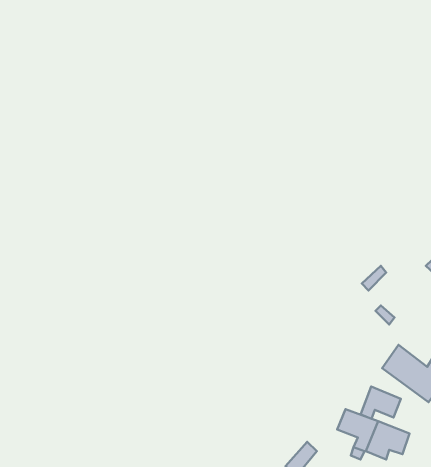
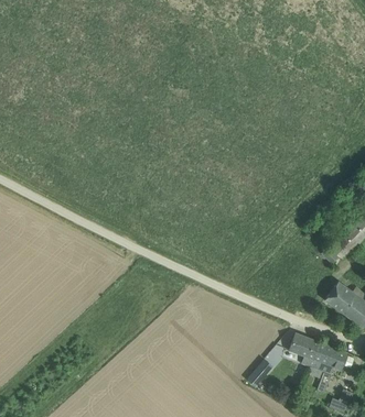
building: [361,386,401,419] -> none

